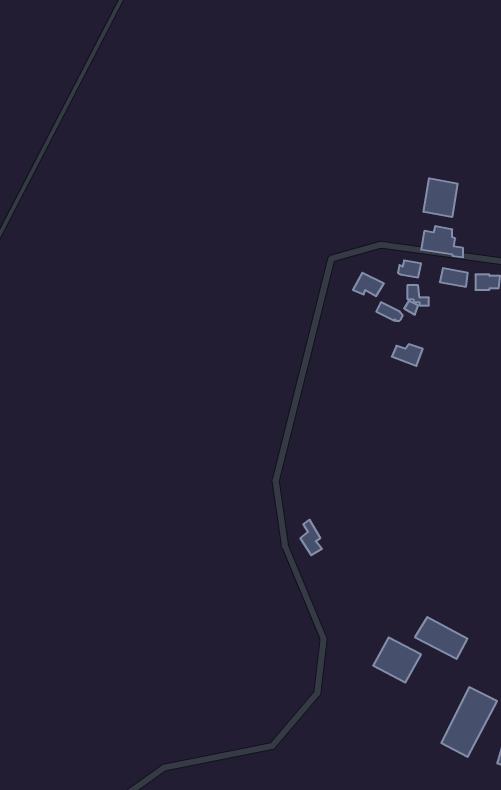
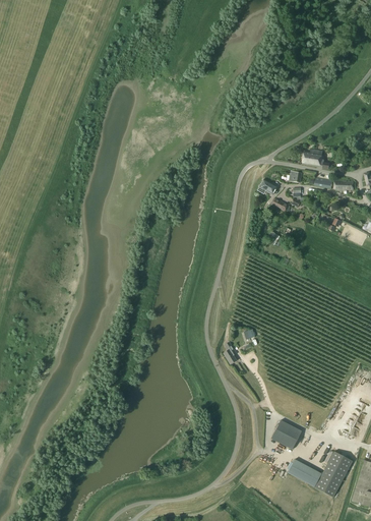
building: [424,178,458,217] -> none
building: [415,617,468,659] -> [287,459,321,486]

